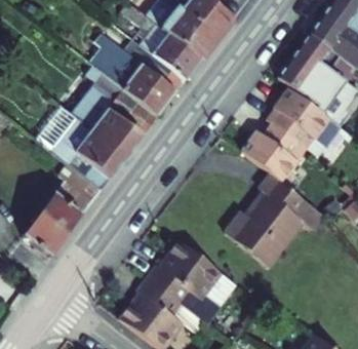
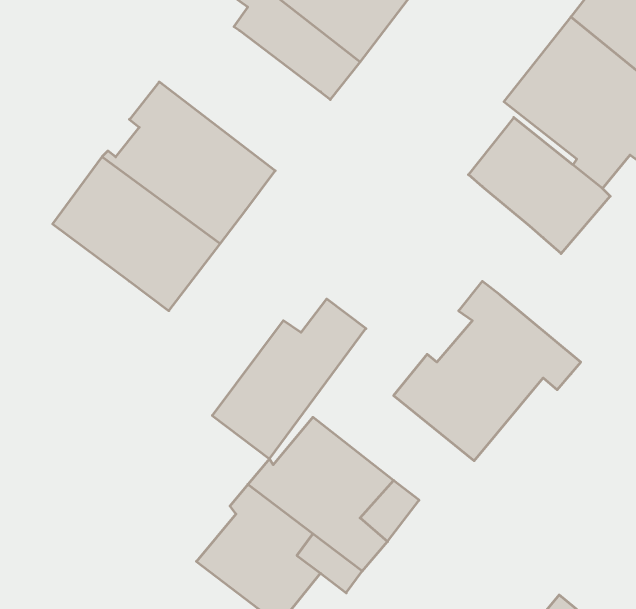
building: [101,38,185,111] -> none
building: [239,119,301,176] -> none
building: [26,168,106,251] -> [212,299,366,459]

